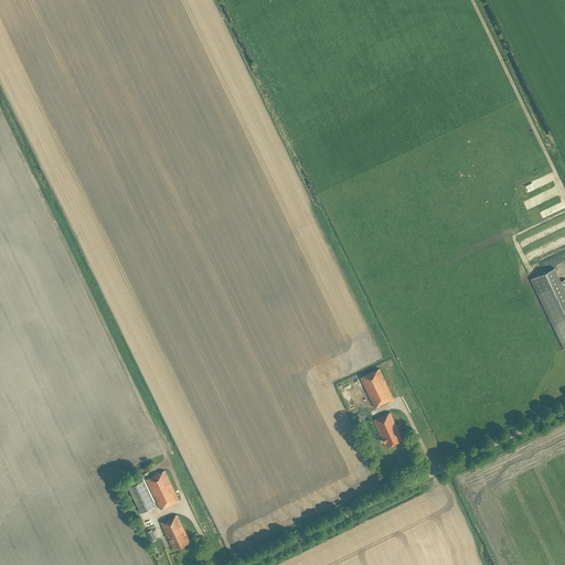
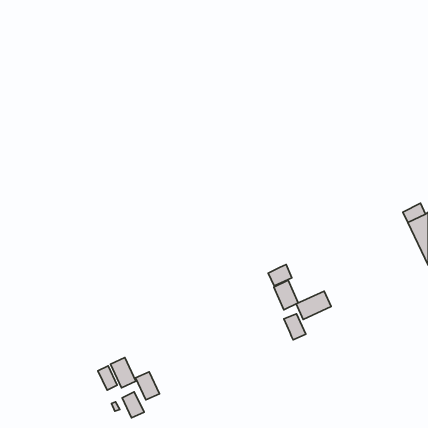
building: none -> [268,265,292,286]
building: none -> [296,291,331,319]
building: none -> [136,372,159,400]

